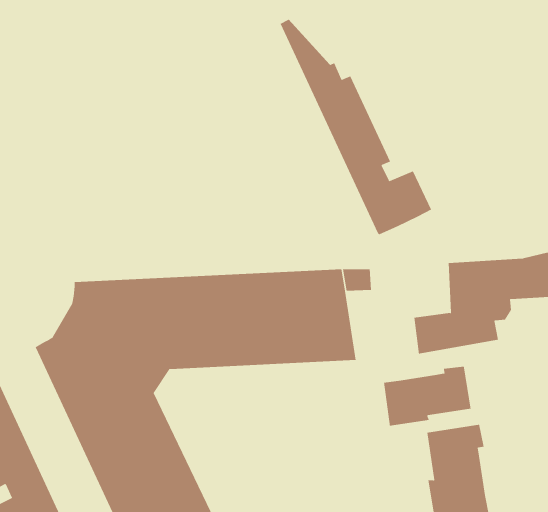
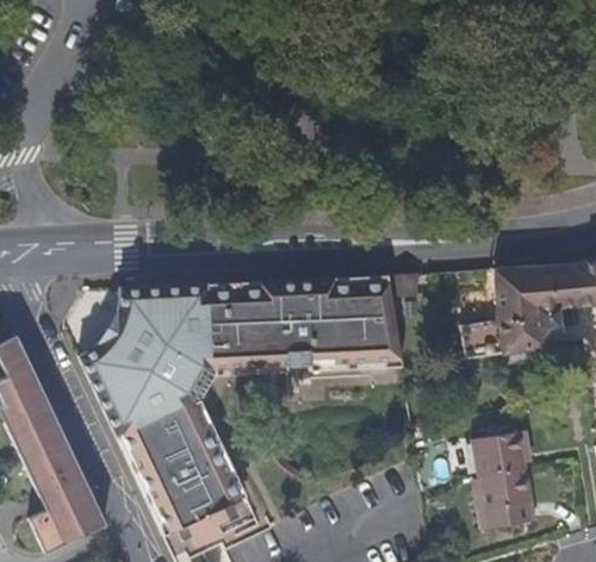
building: [280,19,432,235] -> none
building: [383,366,471,427] -> none

